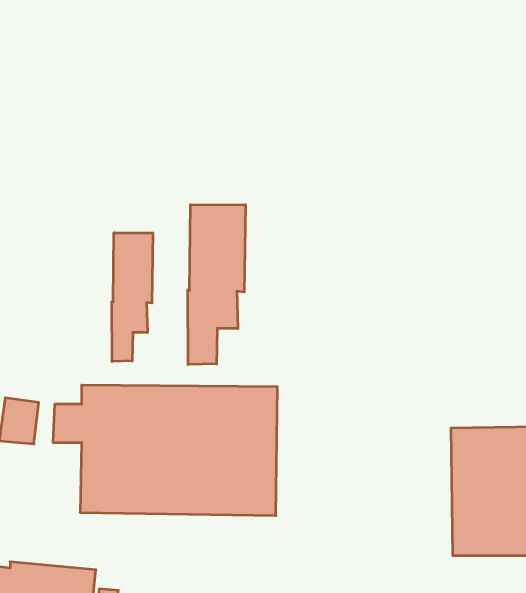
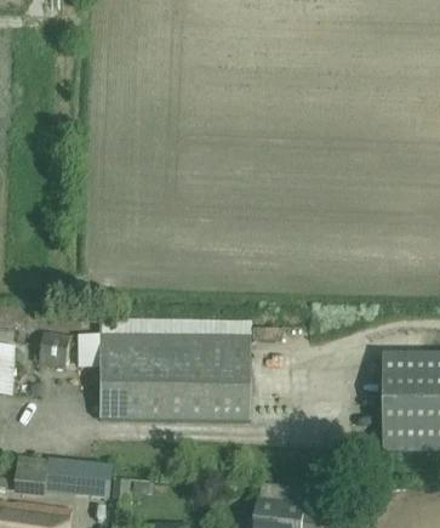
building: [188,205,245,365] -> none
building: [112,233,153,362] -> none

